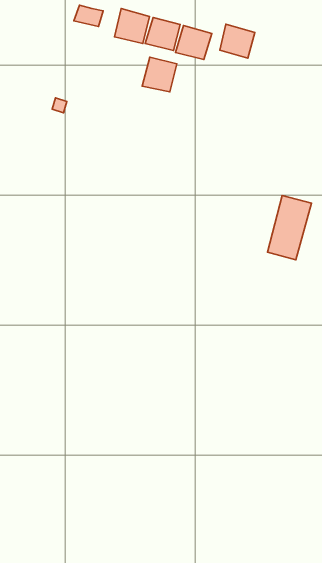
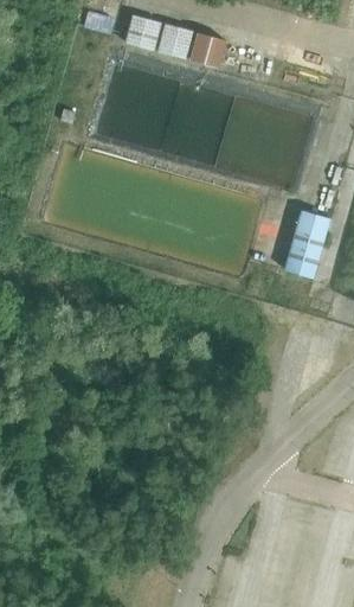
building: [220,24,255,58] -> none
building: [142,57,177,92] -> none

